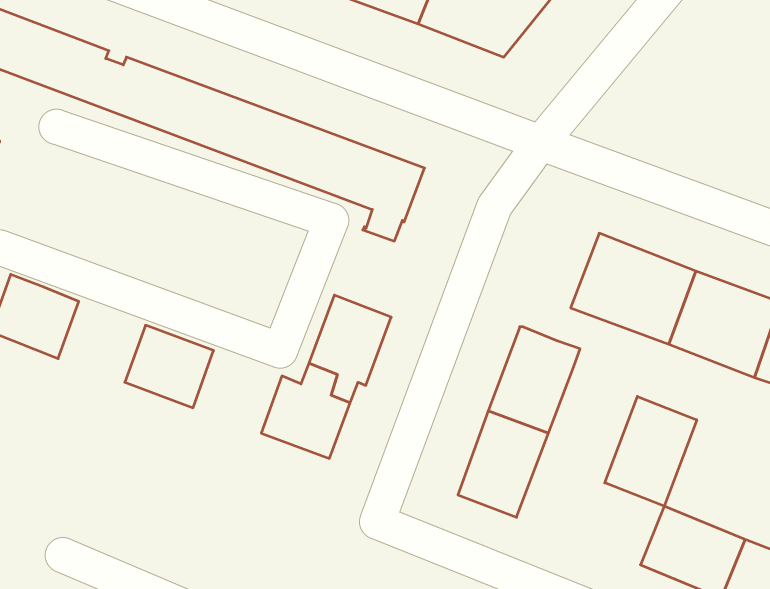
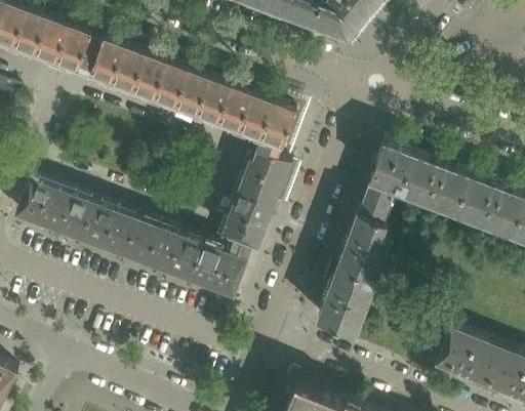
building: none -> [359,145,408,223]
building: none -> [237,152,290,208]
building: none -> [58,198,115,250]
building: none -> [146,230,203,283]
building: [605,396,697,506] -> none

